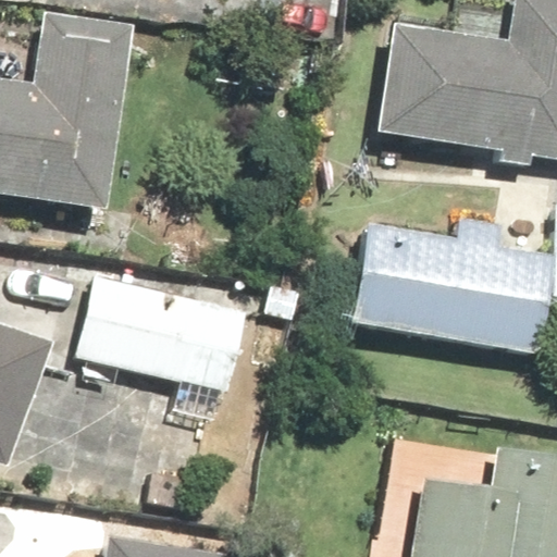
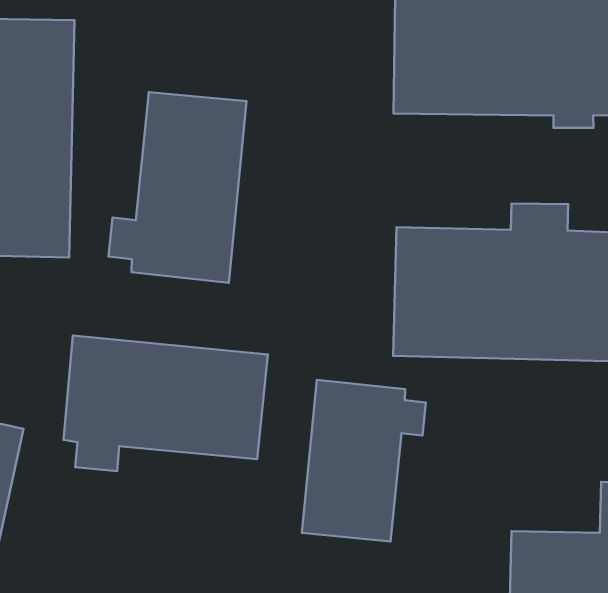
building: none -> [109,92,247,283]
building: none -> [302,380,426,541]

